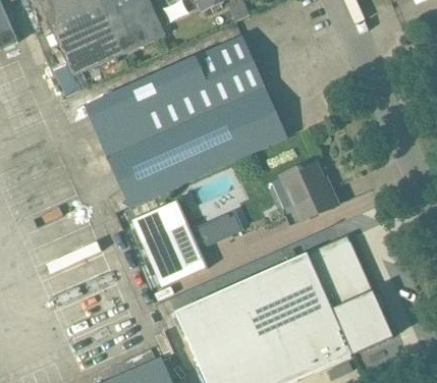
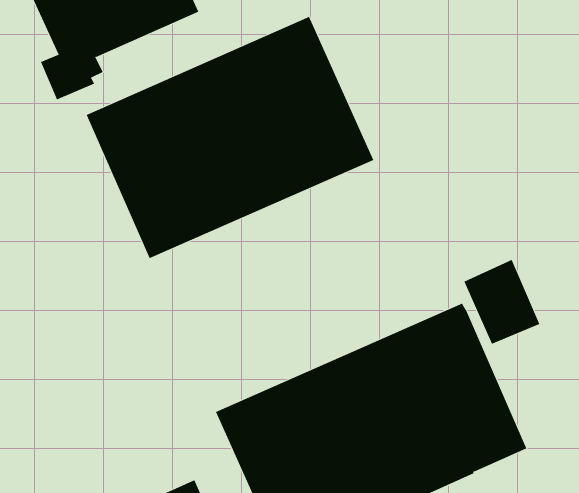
building: [280,160,333,219] -> [464,259,540,345]
building: [131,199,241,286] -> none

